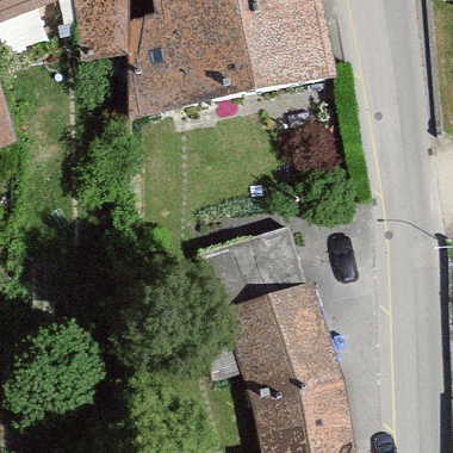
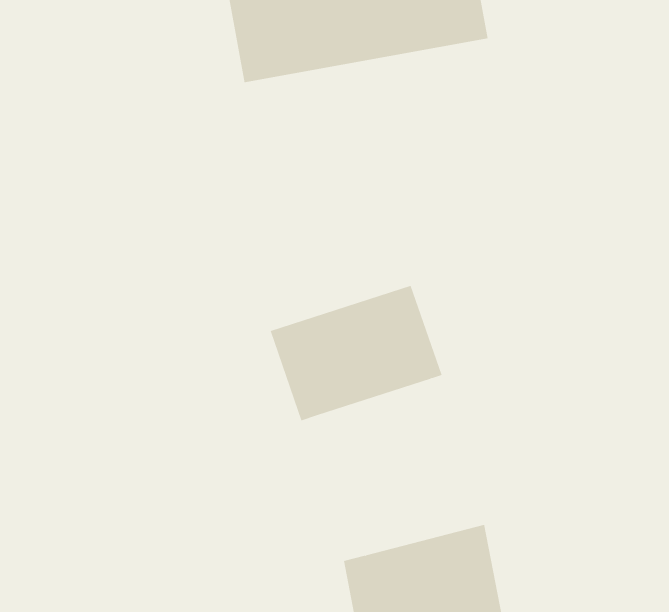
building: [224,293,333,408] -> none

